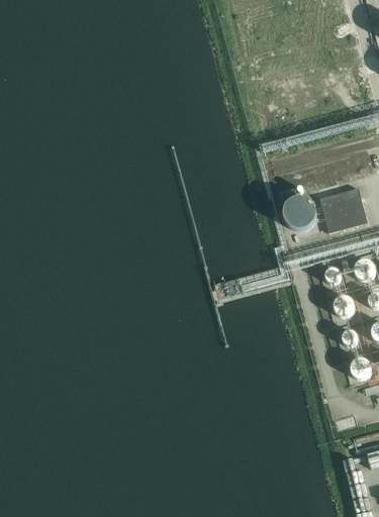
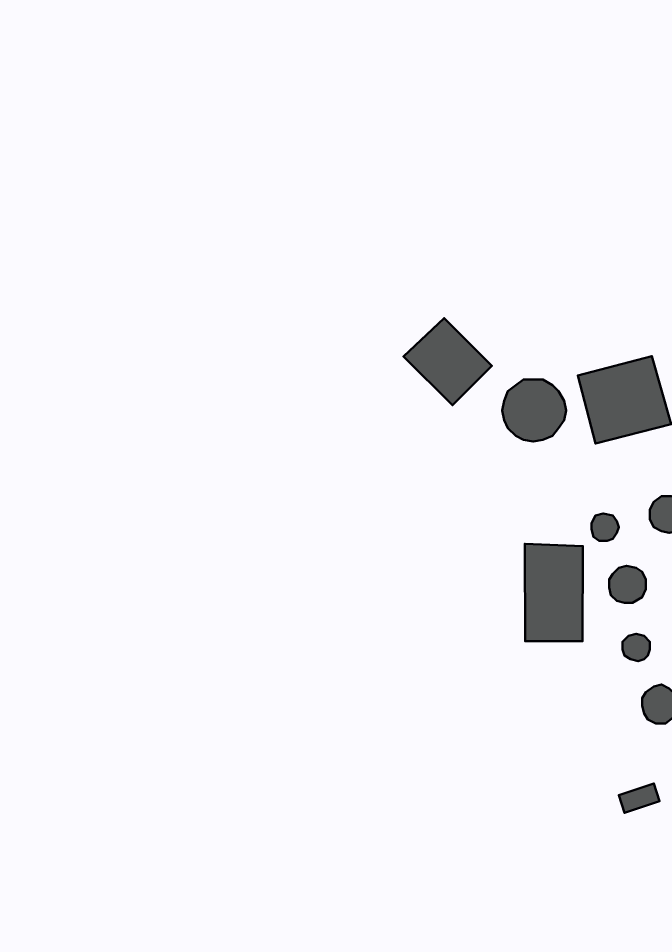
building: none -> [404,318,492,405]
building: none -> [525,544,583,641]

